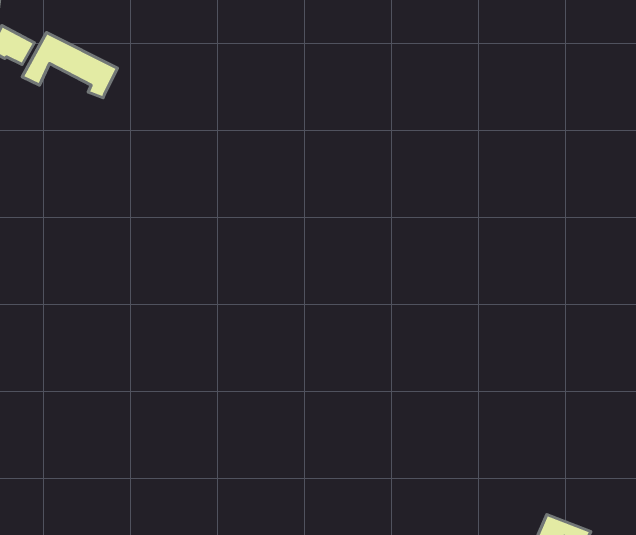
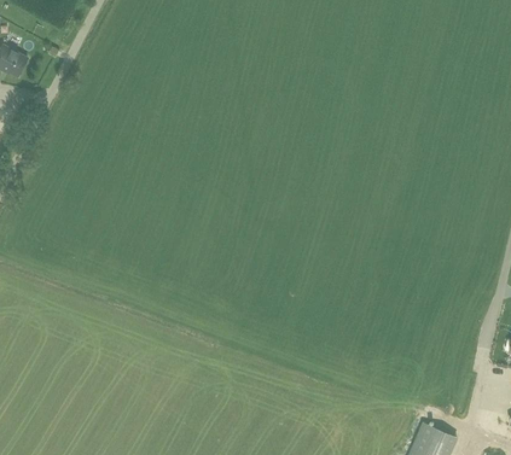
building: [22,33,117,98] -> none

